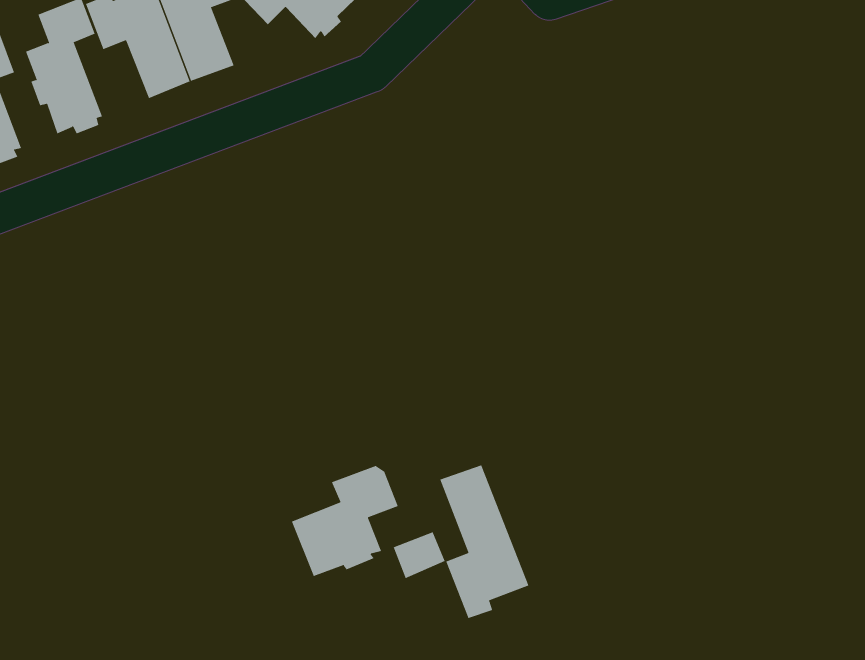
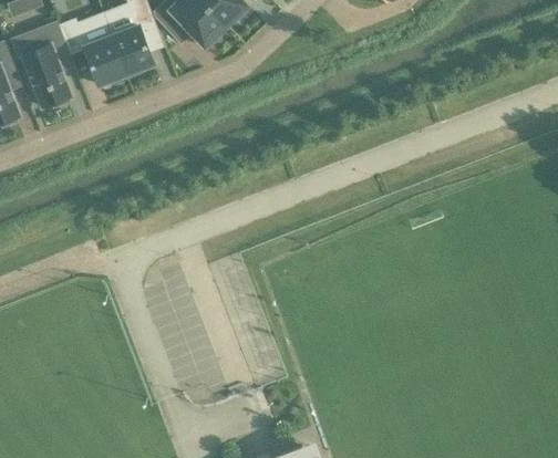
building: [440,465,529,619] -> none
building: [291,465,398,577] -> none

